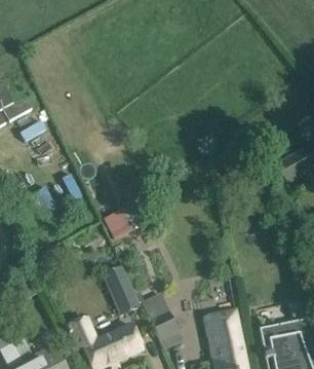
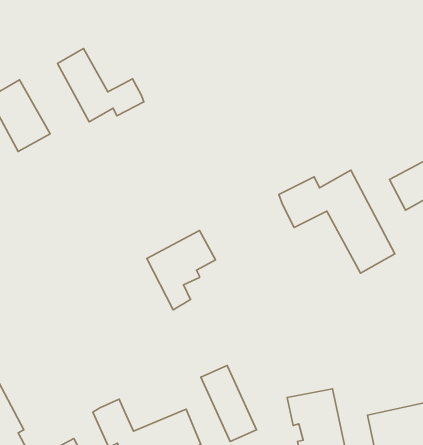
building: none -> [57,48,144,122]
building: none -> [279,170,395,273]
building: [103,265,139,312] -> none

